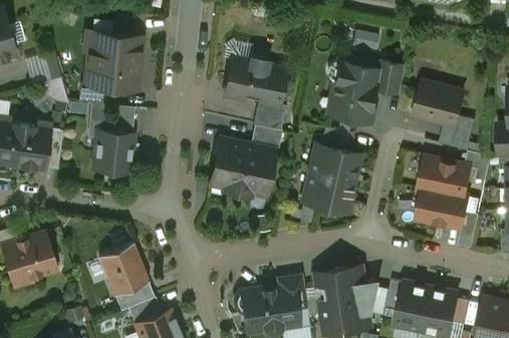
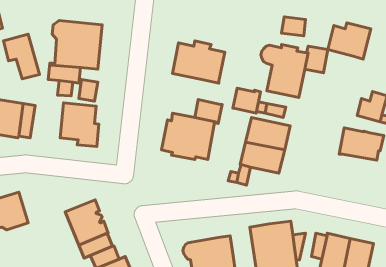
building: [414,84,464,126] -> [328,23,371,59]
building: [253,101,285,130] -> [233,88,260,113]
building: [417,189,467,228] -> none
building: [276,275,307,310] -> none

